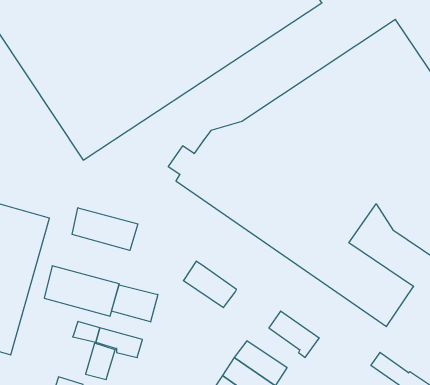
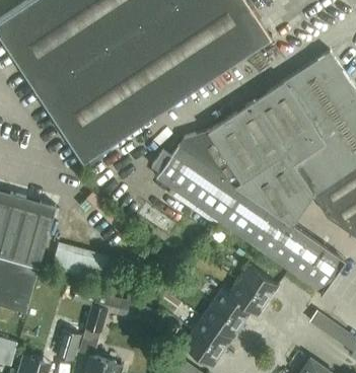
building: [72,208,138,250] -> none
building: [183,261,236,308] -> [211,288,253,324]
building: [112,285,158,322] -> none
building: none -> [237,266,278,301]

